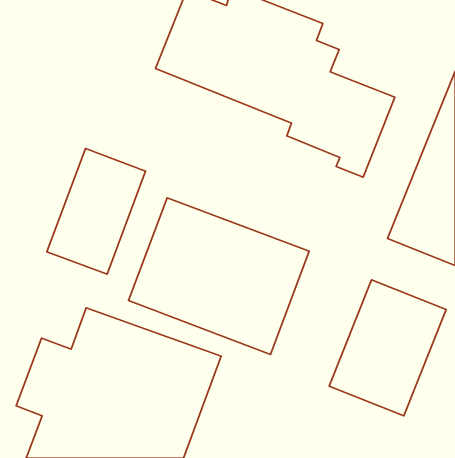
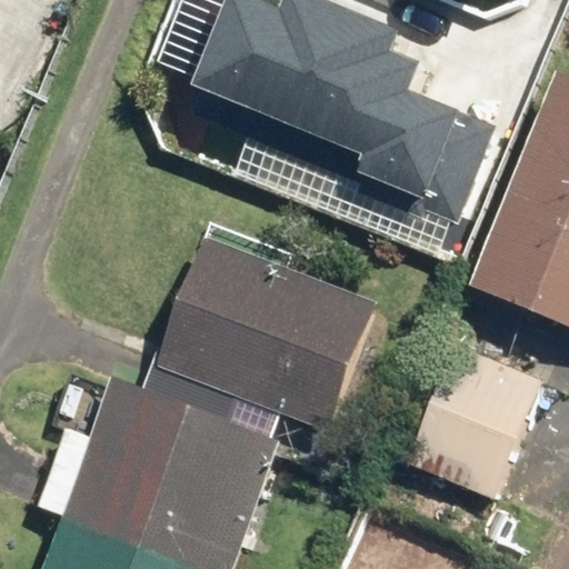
building: [47,149,146,274] -> none

